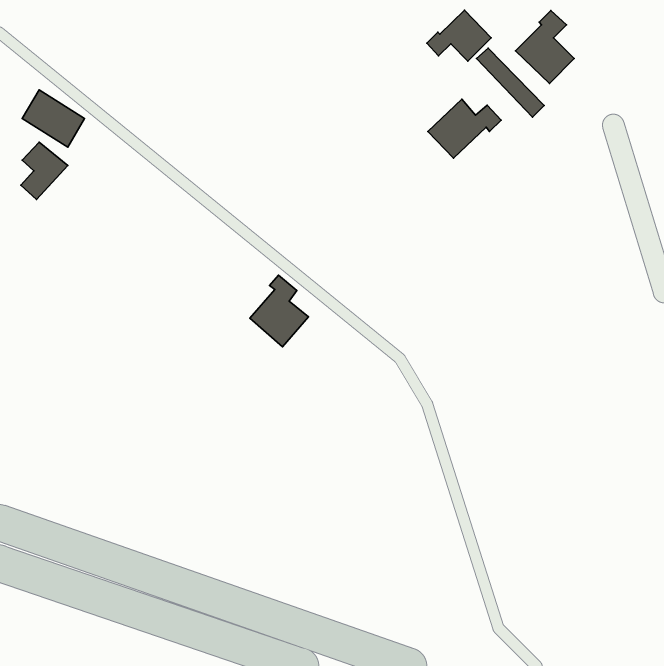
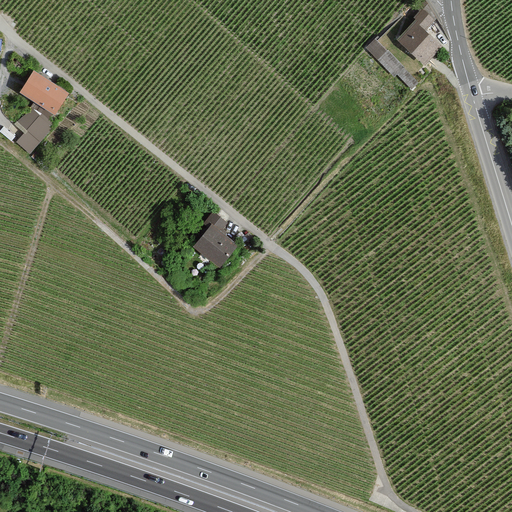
building: [427,10,491,61] -> none
building: [428,99,501,158] -> none

